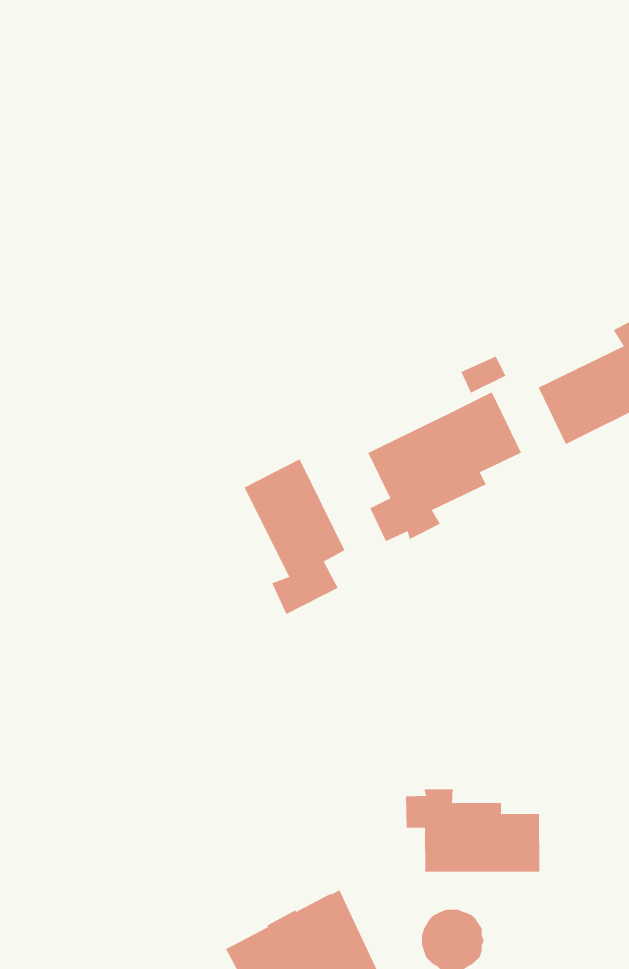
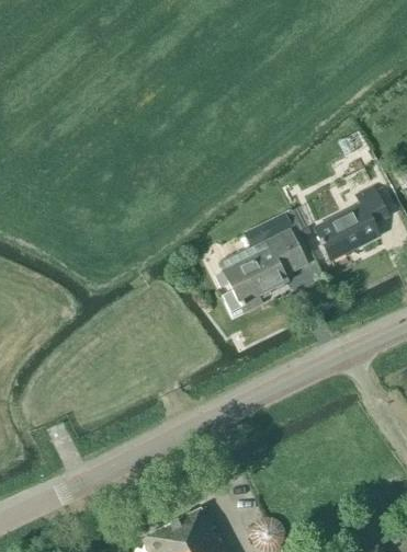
building: [244,459,345,615] -> none
building: [406,788,540,873] -> none

